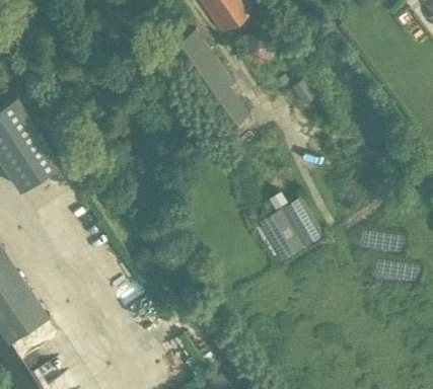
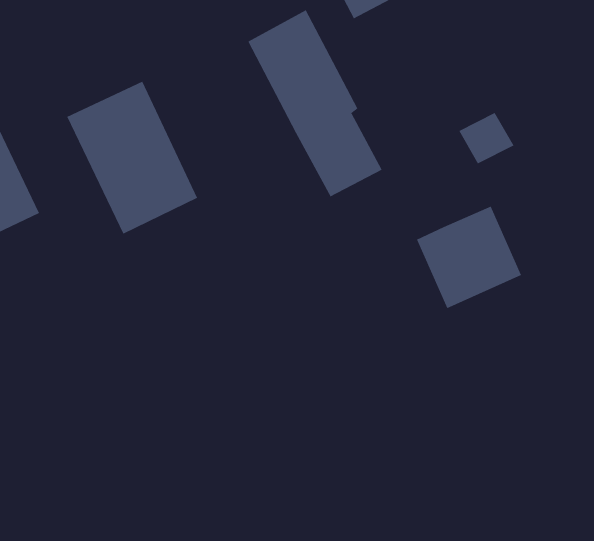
building: none -> [66,81,198,234]
building: [261,198,322,258] -> [416,206,522,309]

